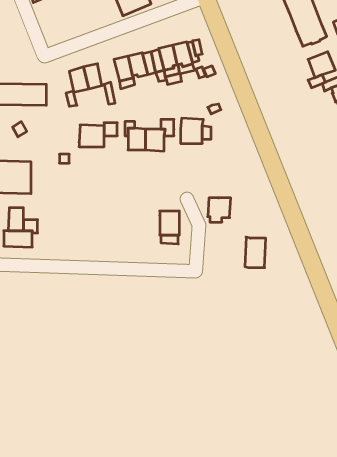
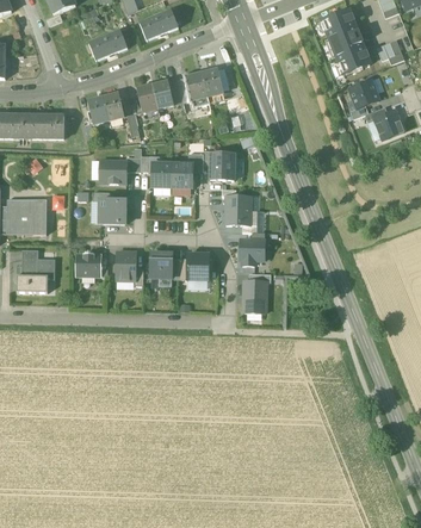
building: none -> [88,29,128,60]
building: none -> [225,194,250,224]
building: none -> [99,199,126,222]
building: none -> [116,251,136,279]
building: none -> [150,251,173,286]
building: none -> [76,253,101,274]
building: [245,237,266,268] -> [243,279,266,312]

